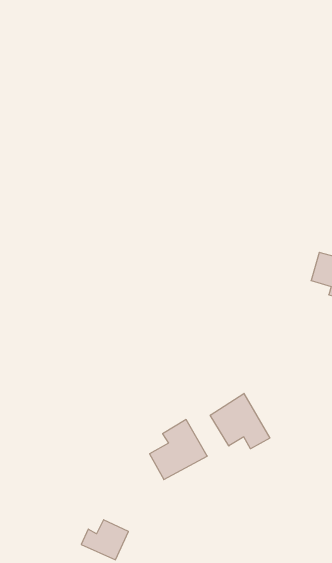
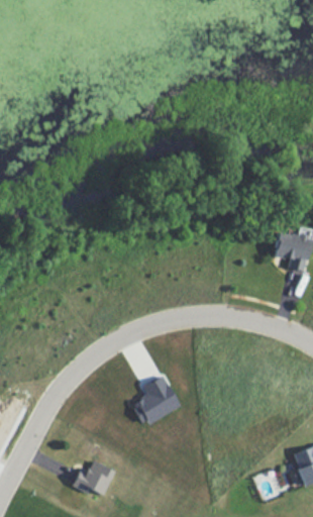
building: [210,393,270,449] -> none

